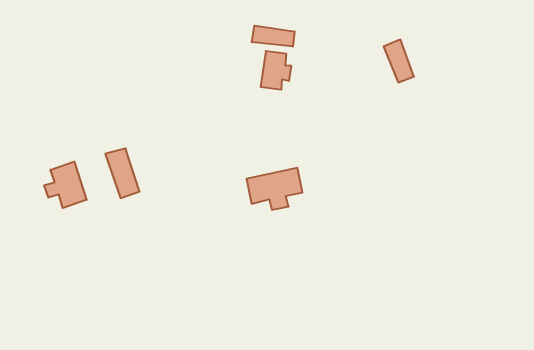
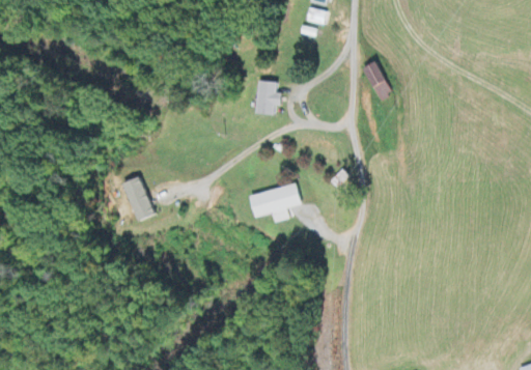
building: [252,26,295,47] -> none
building: [44,162,87,208] -> none

